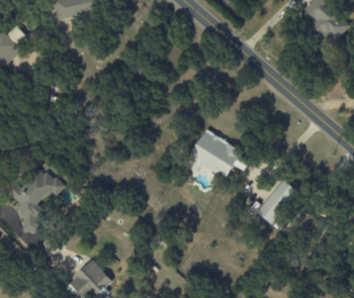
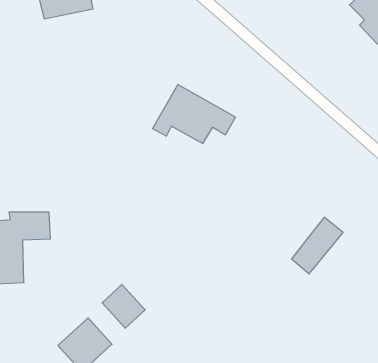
building: [185,130,252,178] -> [153,85,236,144]
building: none -> [102,284,145,328]

